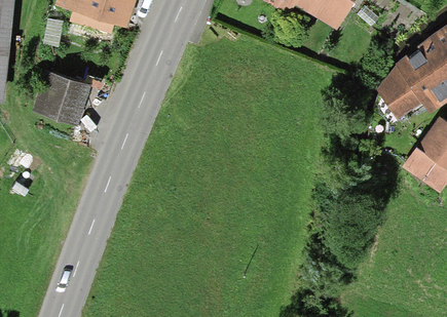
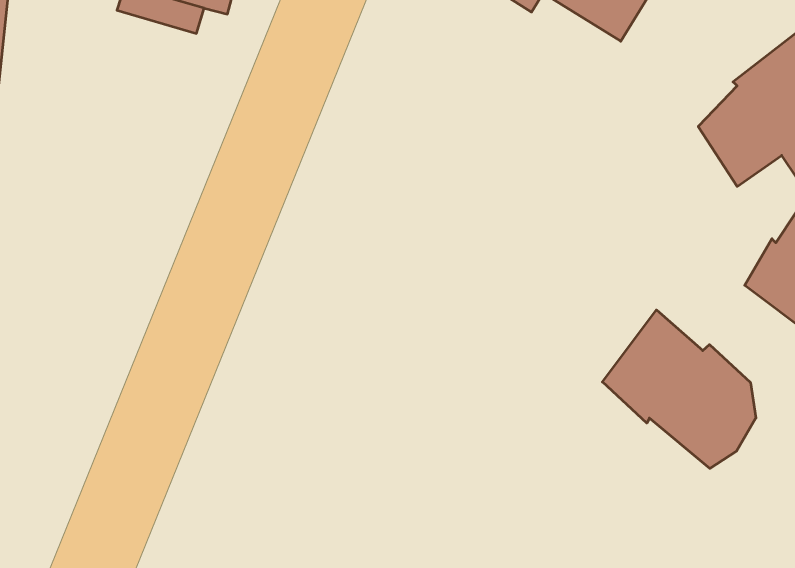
building: [32,67,91,122] -> none
building: none -> [602,310,756,468]

